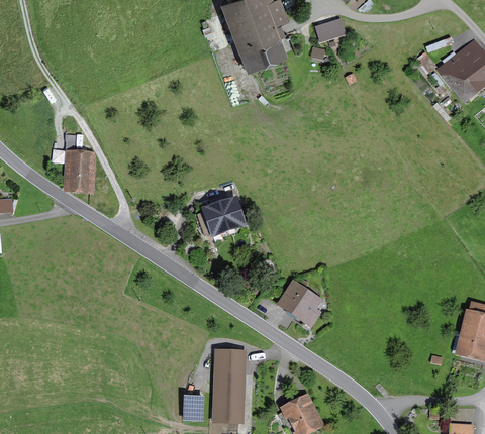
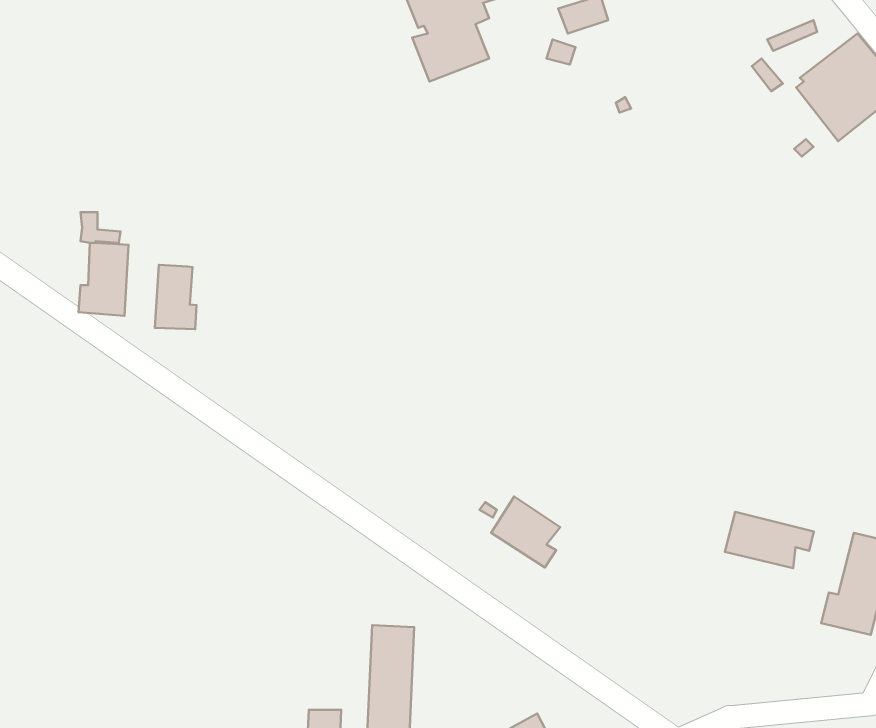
building: none -> [155,265,196,329]
building: [199,203,240,235] -> none
building: none -> [725,512,814,568]

